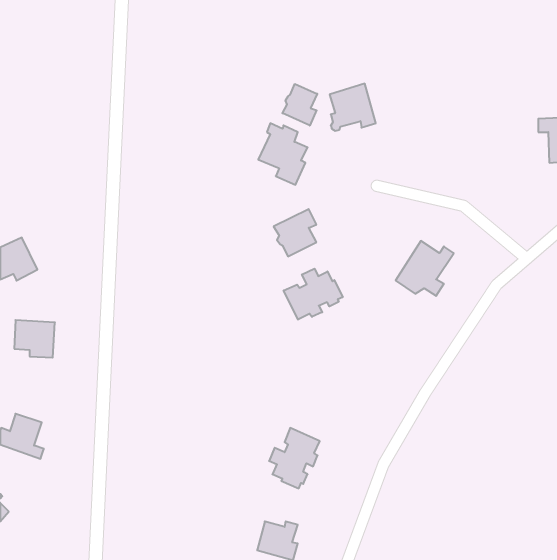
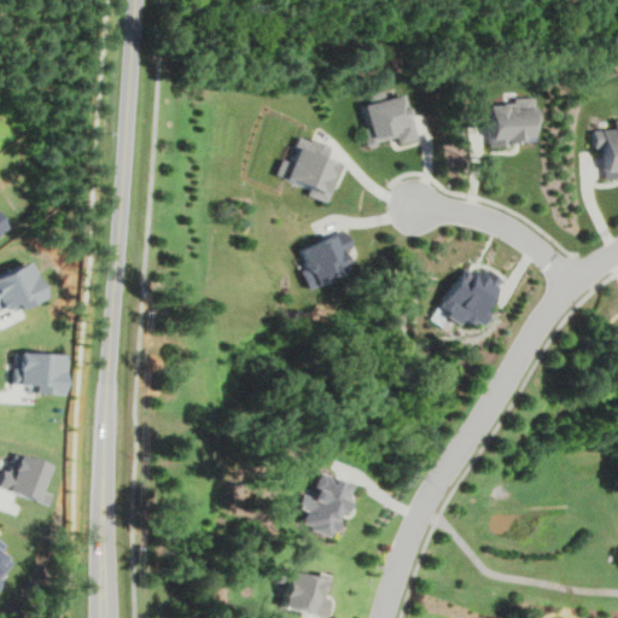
building: [282,84,317,126] -> none
building: none -> [491,97,536,146]
building: [284,269,343,320] -> none

